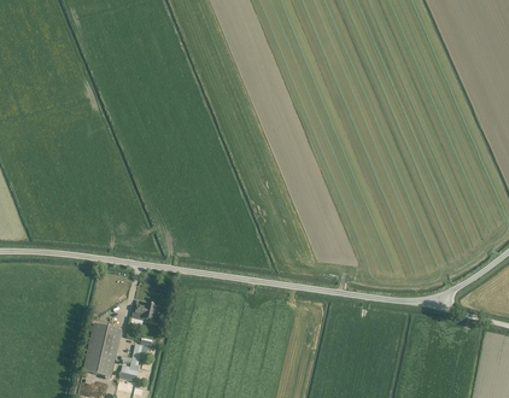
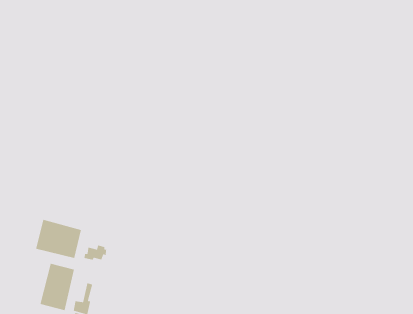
building: none -> [35,219,82,259]

